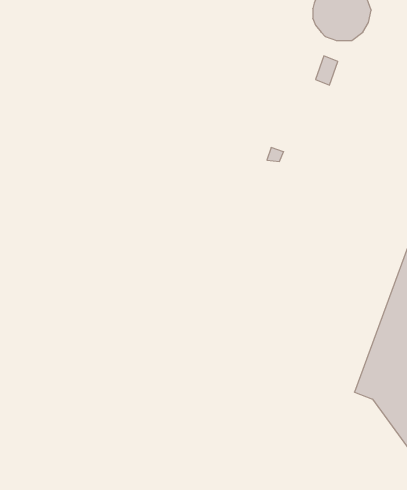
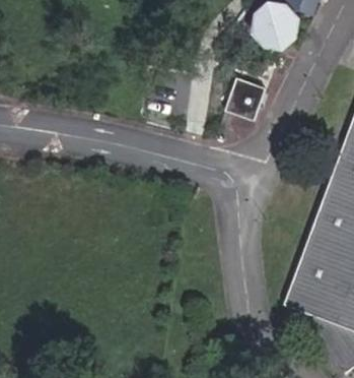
building: none -> [225,77,265,120]

